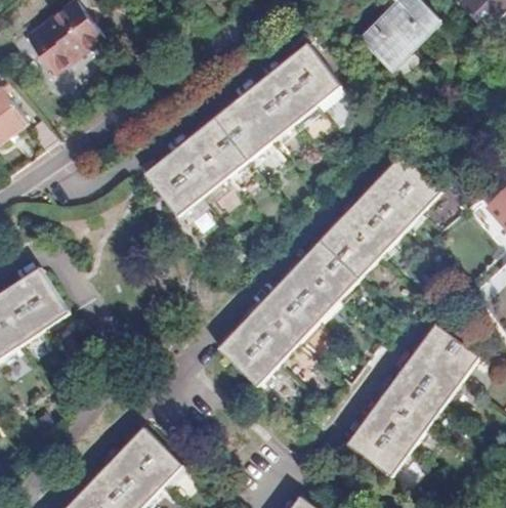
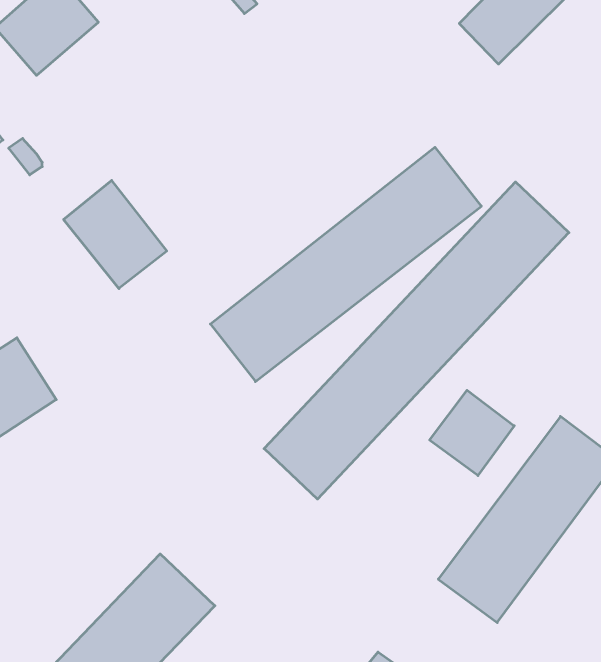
building: [144,44,342,215] -> [210,147,481,382]
building: none -> [64,180,167,289]
building: none -> [430,390,514,476]

